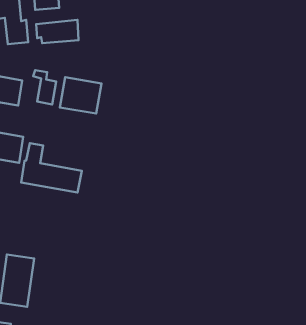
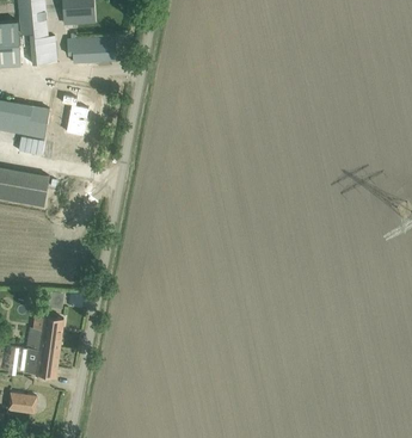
building: [60,77,101,114] -> none
building: [21,143,82,192] -> none

